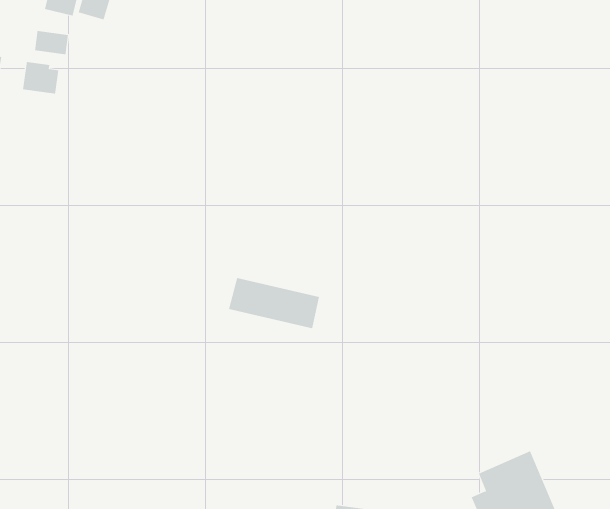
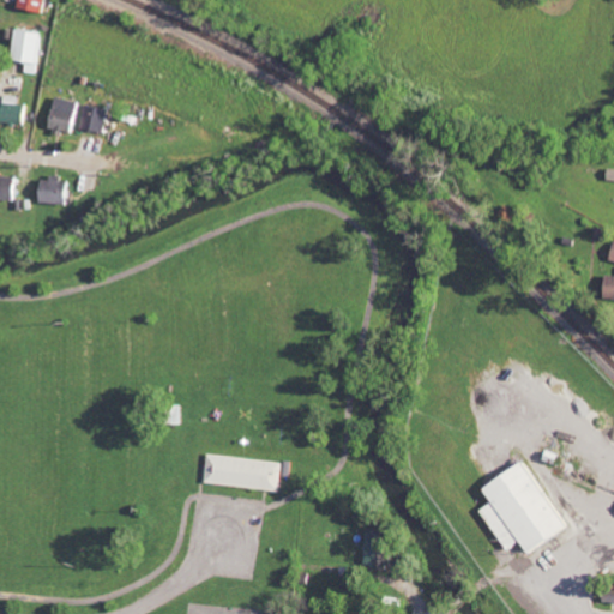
building: [35,30,69,55] -> none
building: [228,277,320,329] -> [200,455,279,490]

